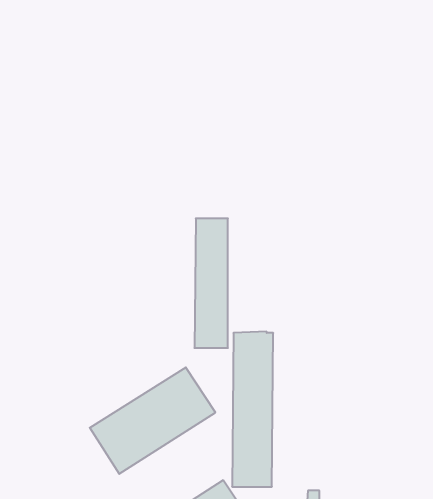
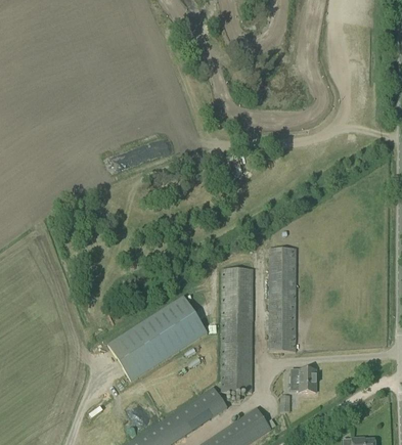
building: [194,218,228,348] -> [268,248,295,351]
building: none -> [291,369,315,392]

